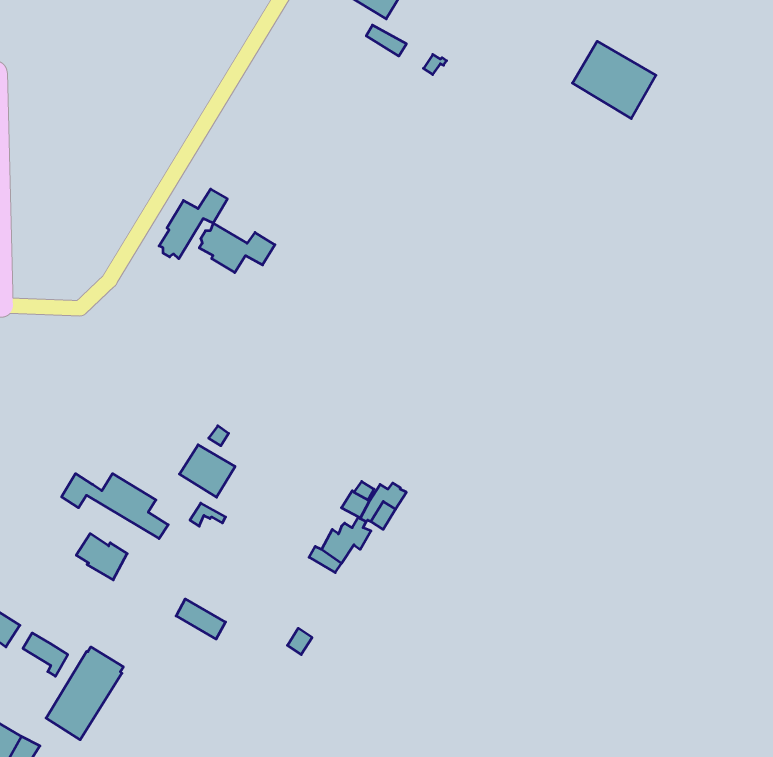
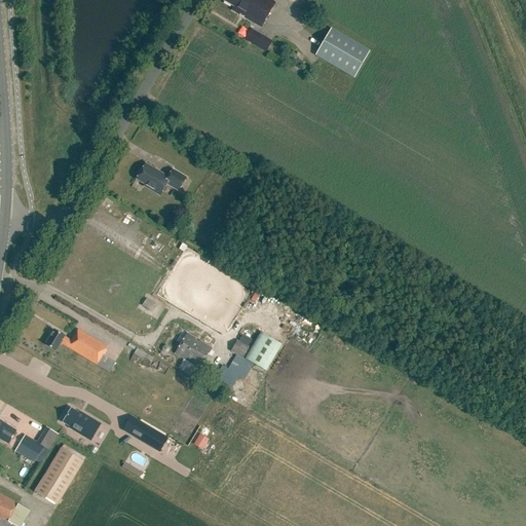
building: [572,41,656,119] -> [314,26,370,77]
building: [159,189,227,259] -> none
building: [179,445,235,497] -> [175,332,212,367]
building: [76,534,127,580] -> [62,406,96,437]

